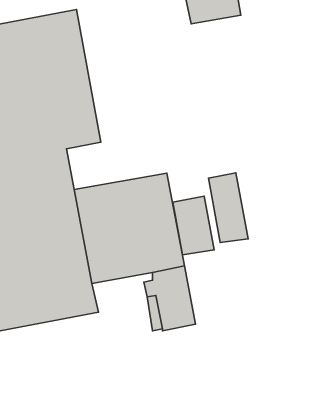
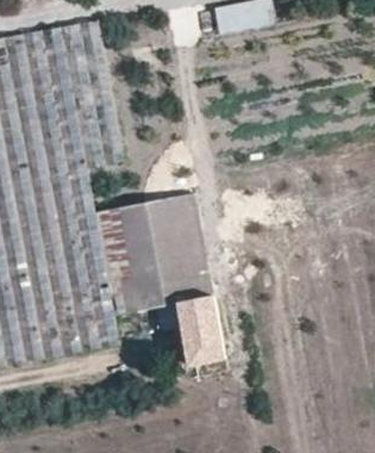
building: [208,173,248,243] -> none
building: [173,196,214,255] -> none

